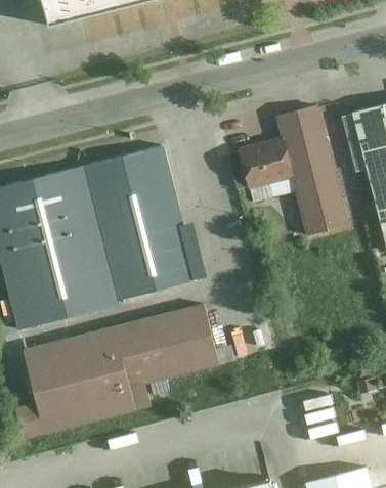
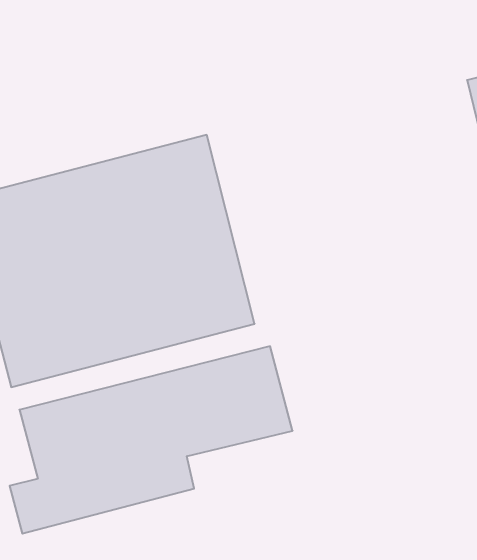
building: [226,101,349,234] -> none

